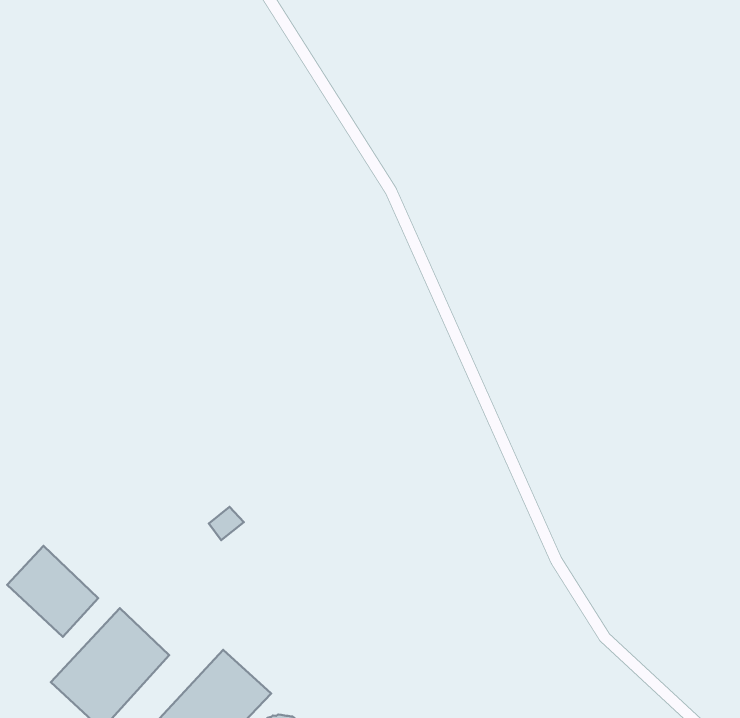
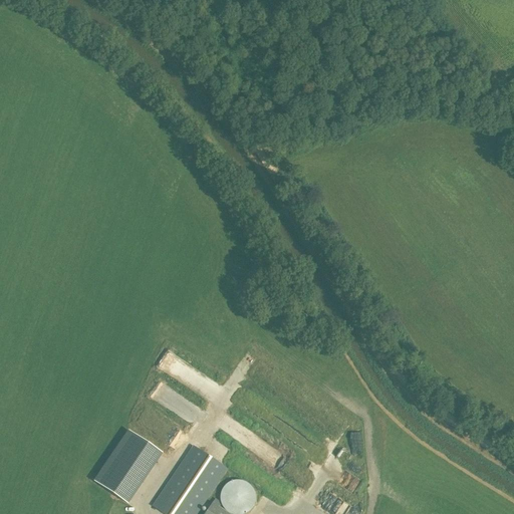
building: [7,546,98,637] -> none

